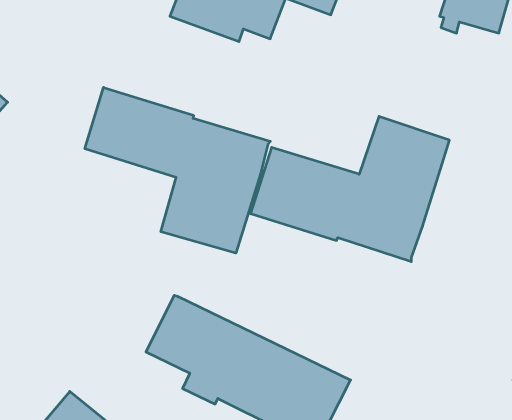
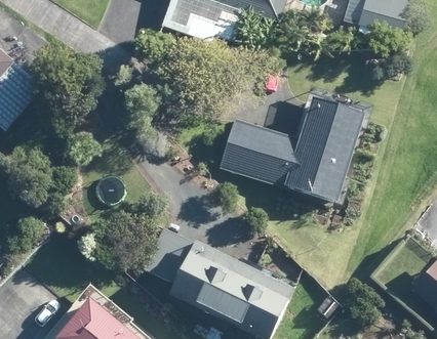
building: [85,87,270,253] -> none

